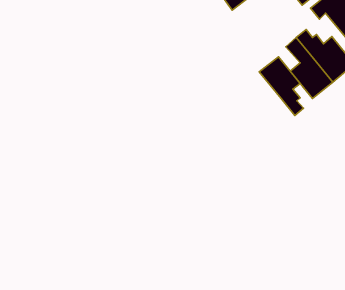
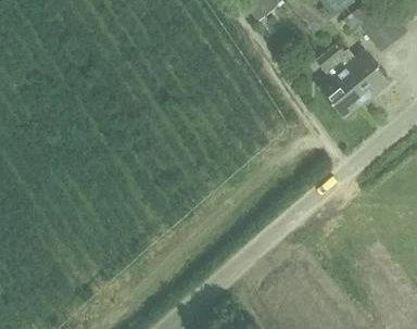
building: [259,57,303,115] -> none

